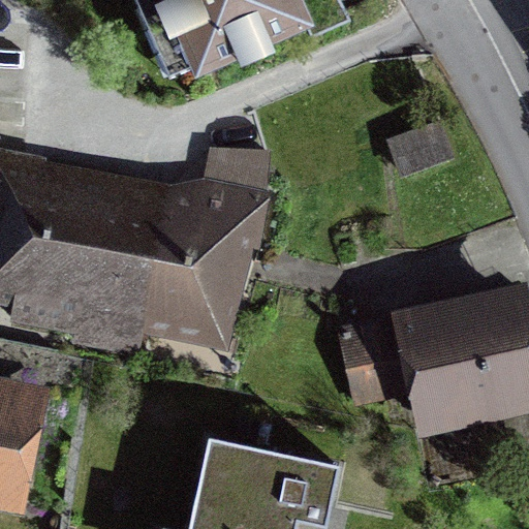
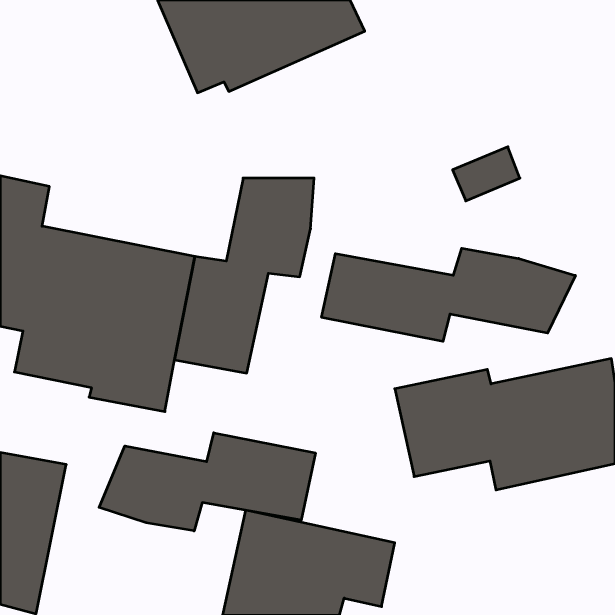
building: none -> [322,248,575,341]
building: none -> [99,433,315,531]

